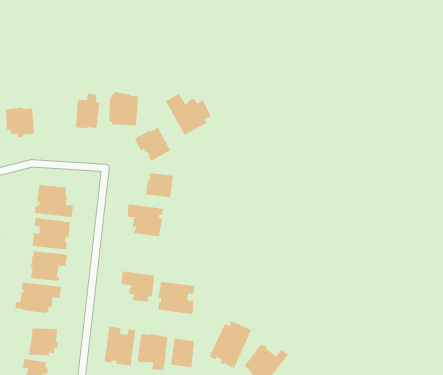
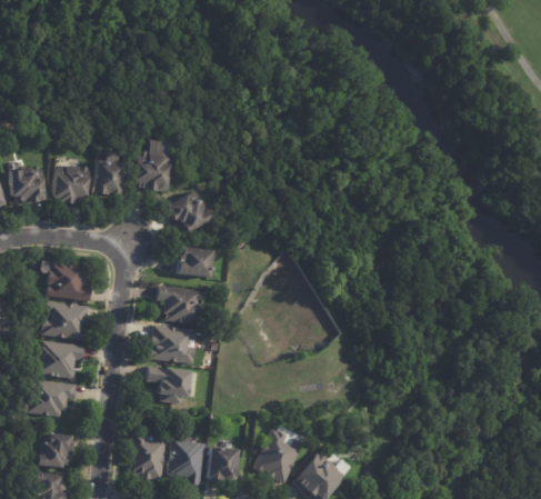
building: [165,93,212,136] -> none
building: none -> [50,163,90,203]
building: [157,281,195,314] -> [150,325,196,365]

